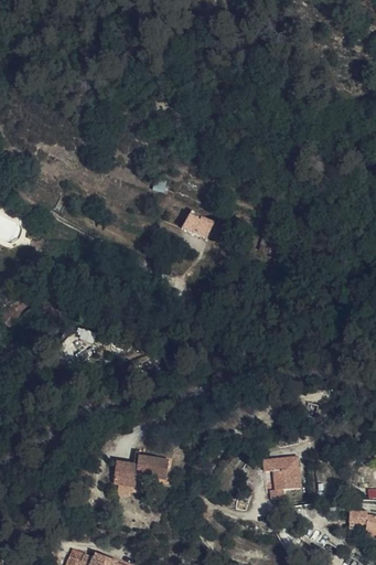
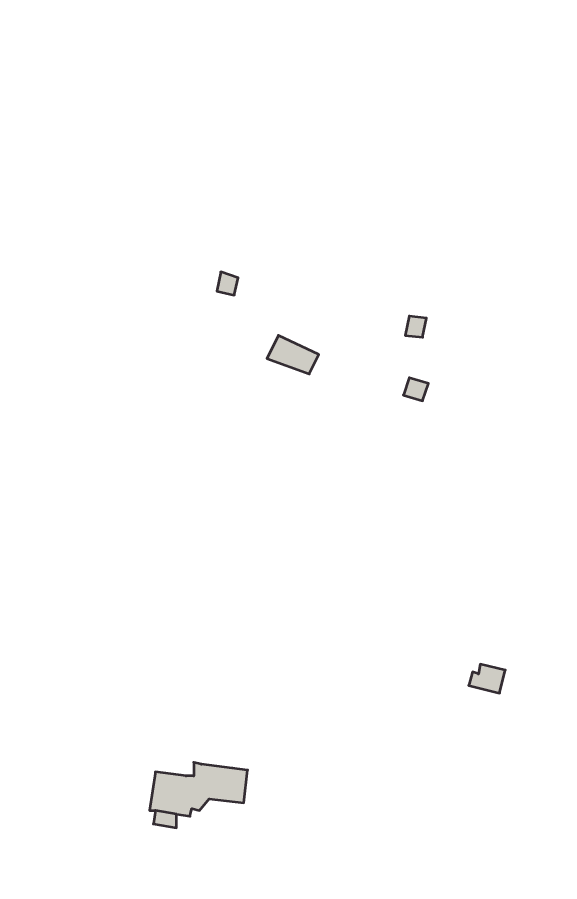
building: [266,457,305,498] -> none

